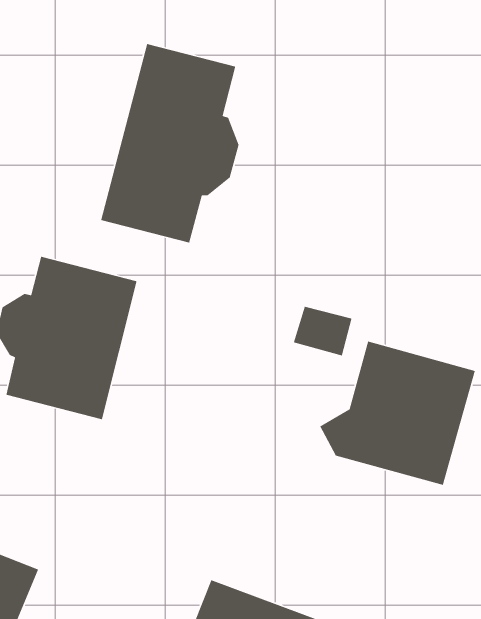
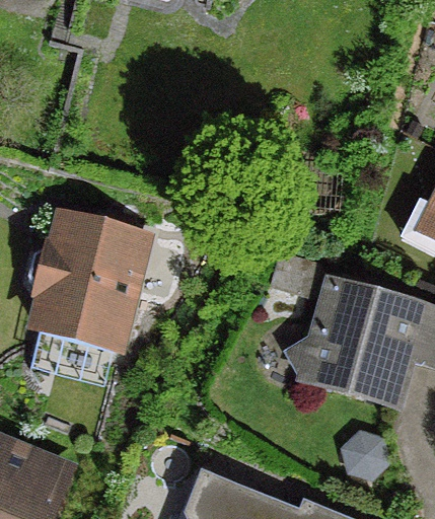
building: [100,43,239,243] -> none

